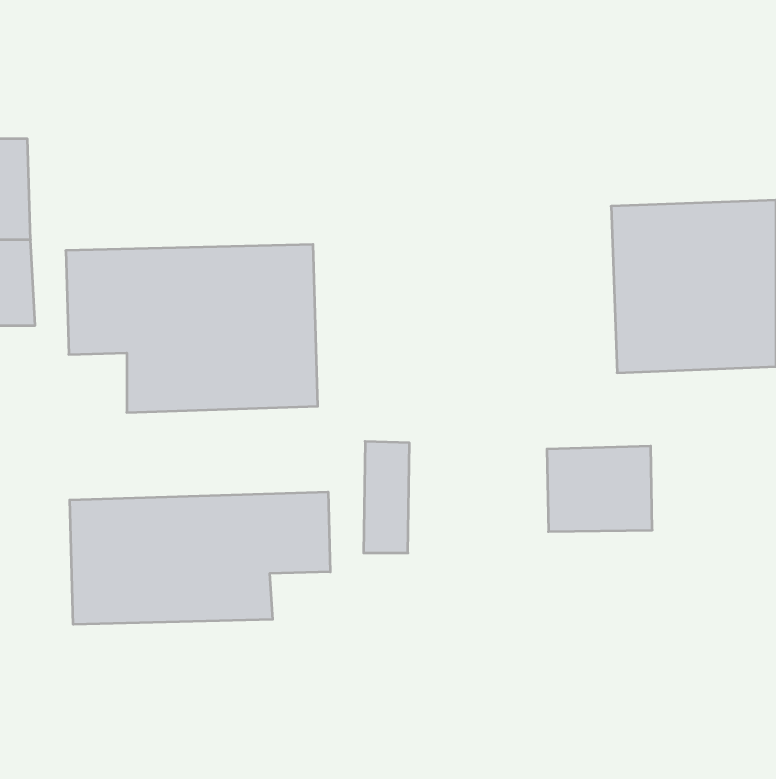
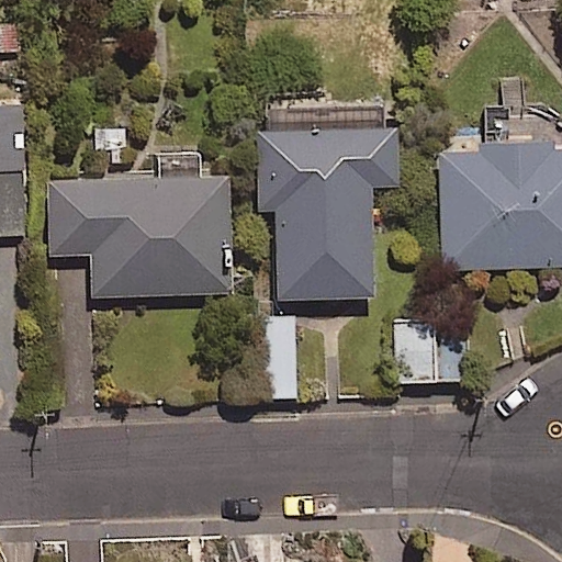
building: none -> [258,103,398,299]
building: [70,492,330,624] -> none

